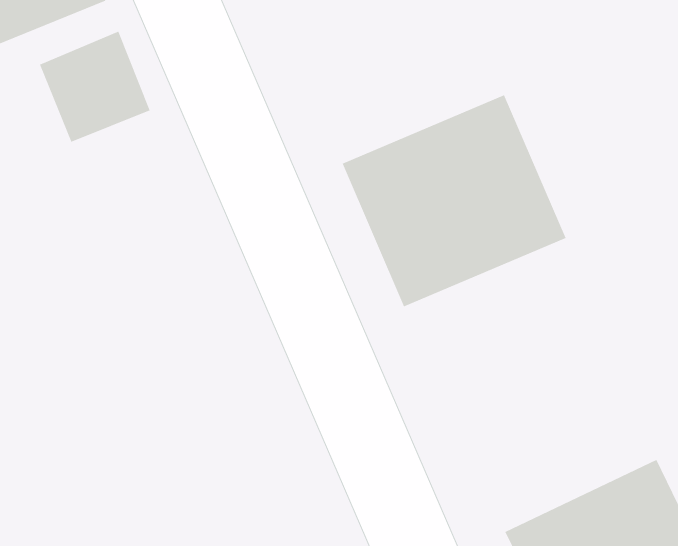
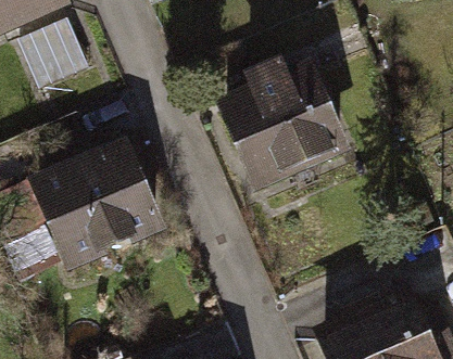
building: none -> [28,133,163,264]

